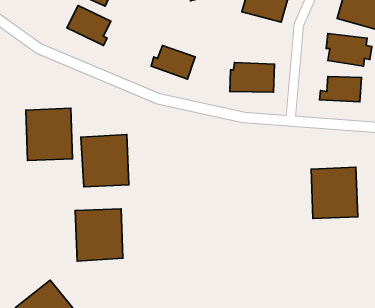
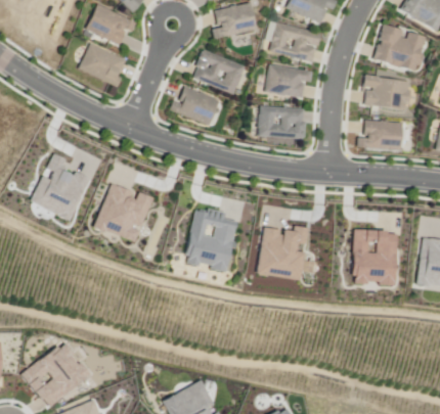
building: none -> [196,51,247,94]
building: none -> [267,63,315,97]
building: none -> [253,224,304,280]
building: [75,209,123,261] -> [184,212,236,269]

